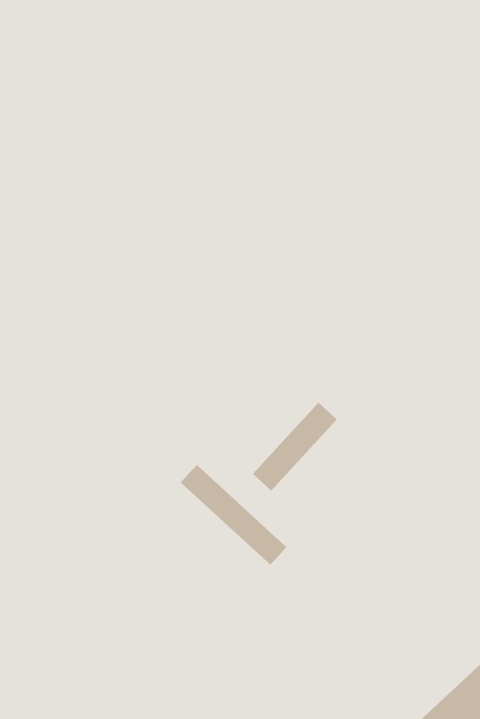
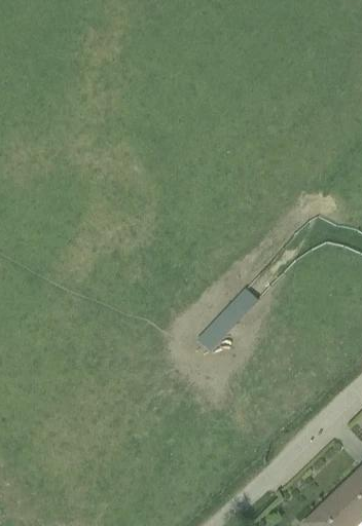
building: [180,464,287,566] -> none

